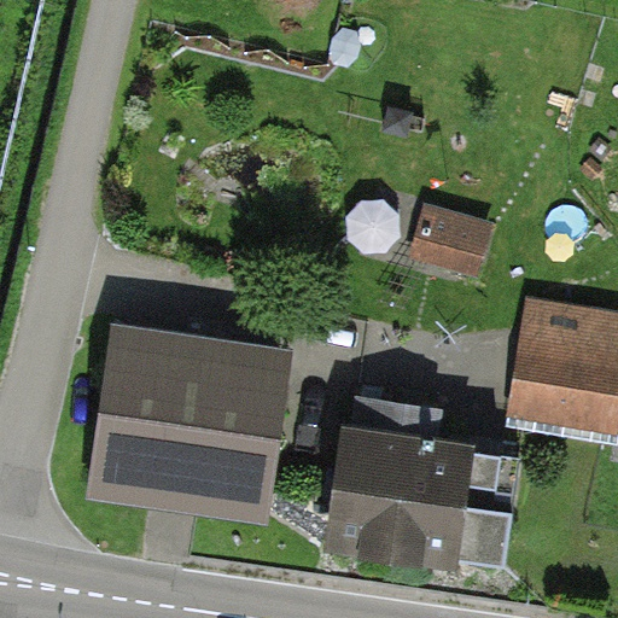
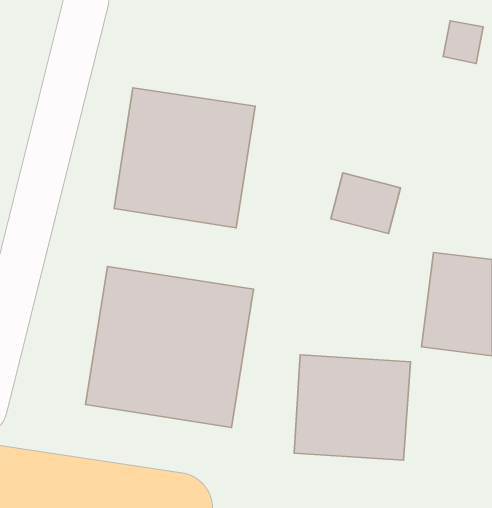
building: none -> [114,88,255,228]

